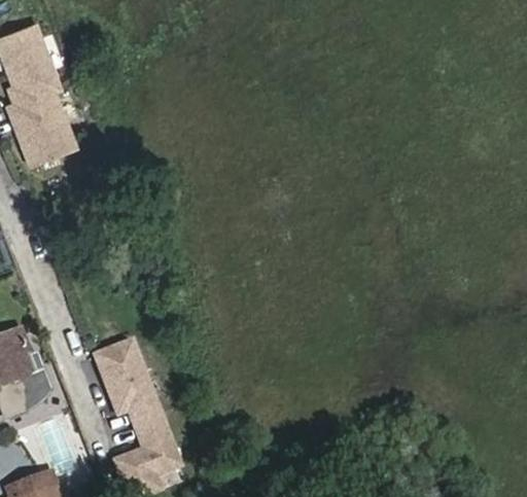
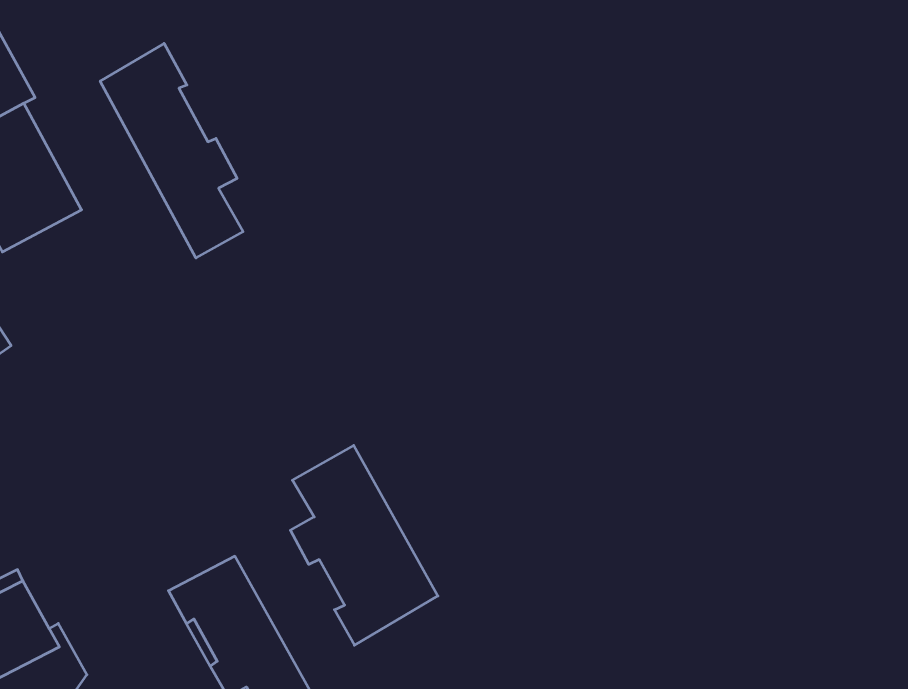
building: none -> [100,43,243,258]
building: none -> [290,445,438,645]

